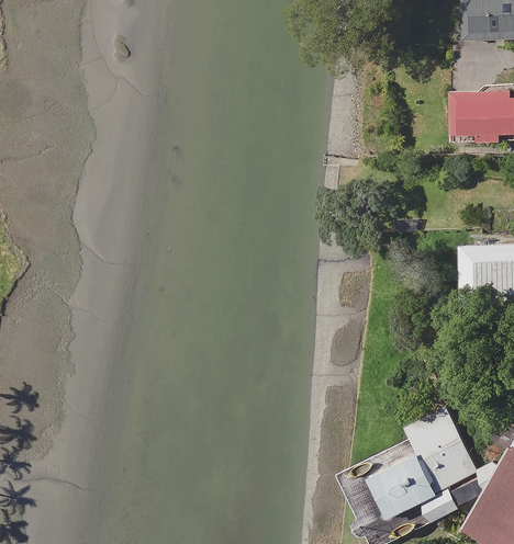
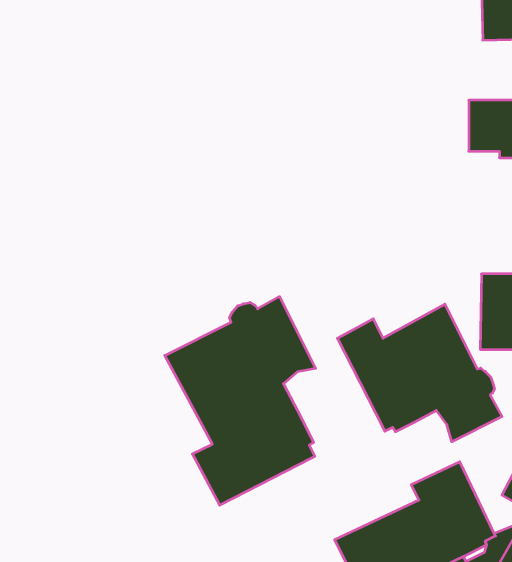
building: none -> [165,297,316,505]
building: none -> [337,304,502,442]

